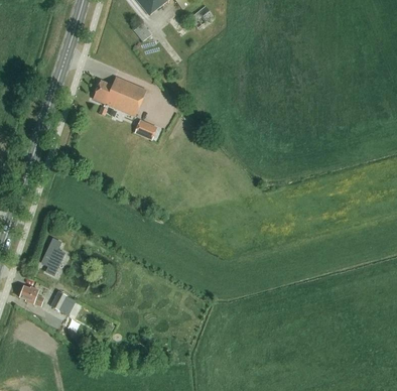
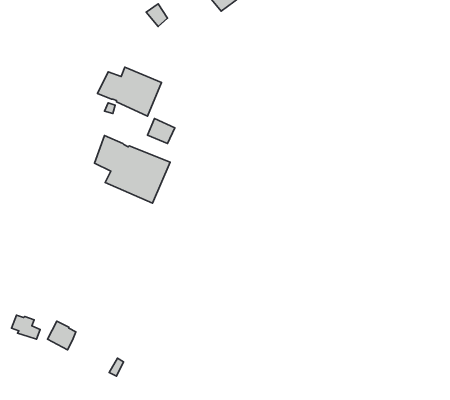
building: none -> [95,135,170,203]
building: [41,236,62,272] -> none

